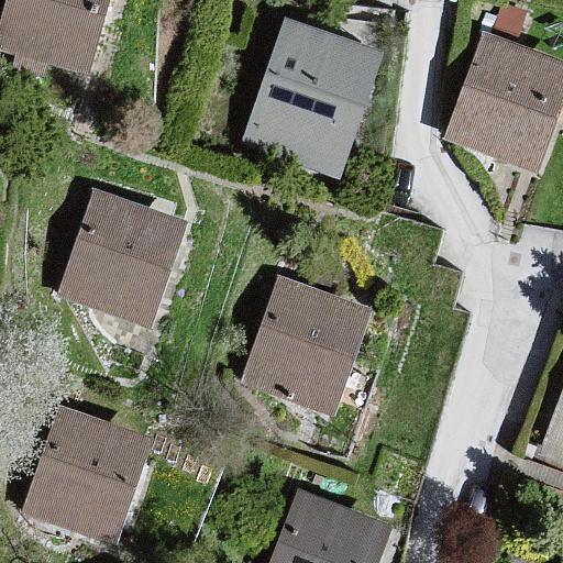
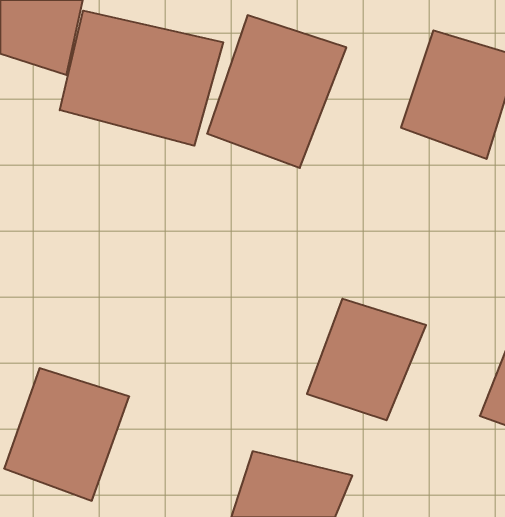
building: none -> [60,11,223,146]
building: [62,196,184,335] -> none
building: [243,280,373,412] -> [307,299,426,420]

